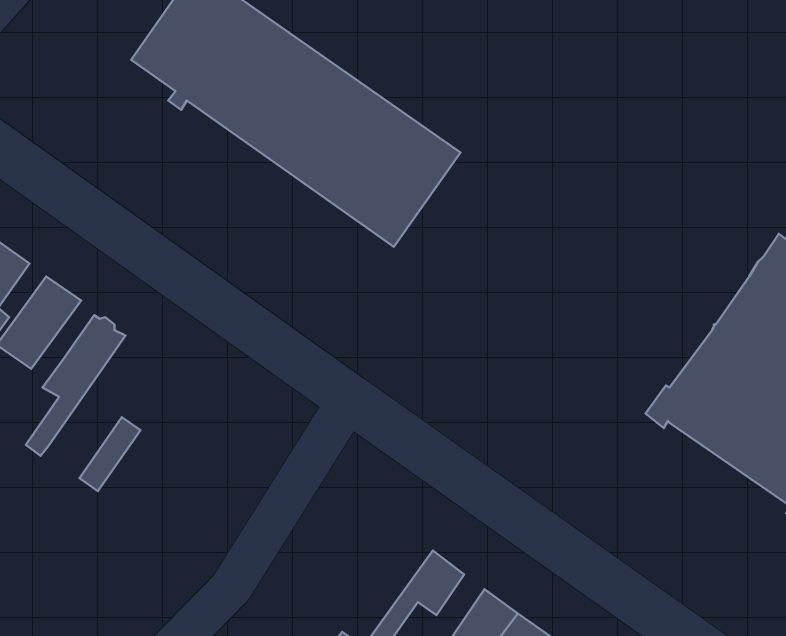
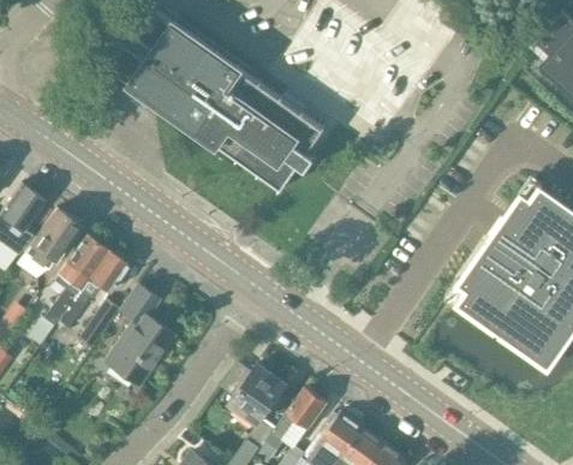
building: none -> [56,249,129,328]
building: none -> [103,287,173,388]
building: none -> [229,365,287,425]

